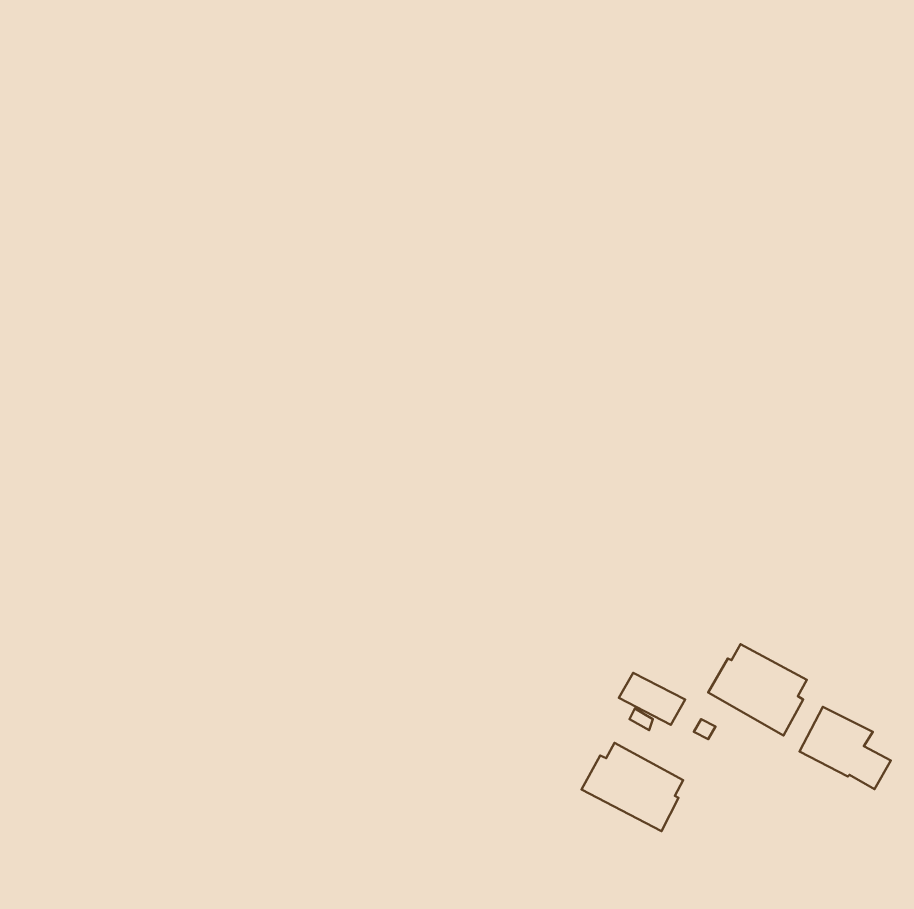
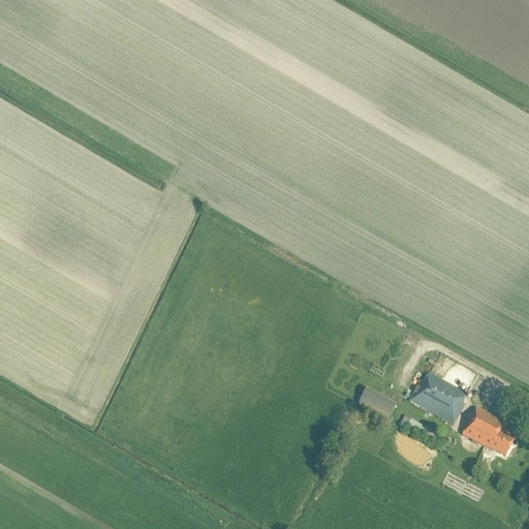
building: [582,743,683,831] -> none

